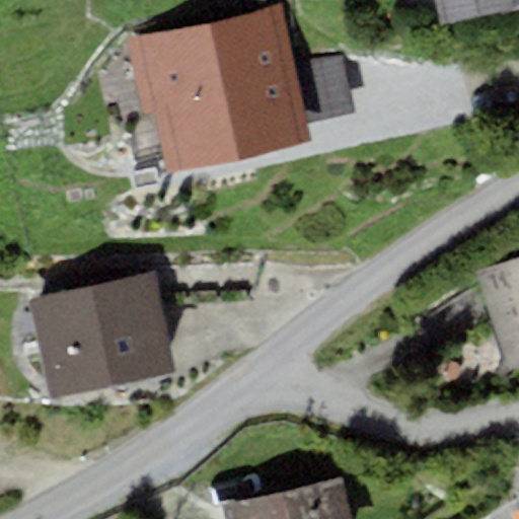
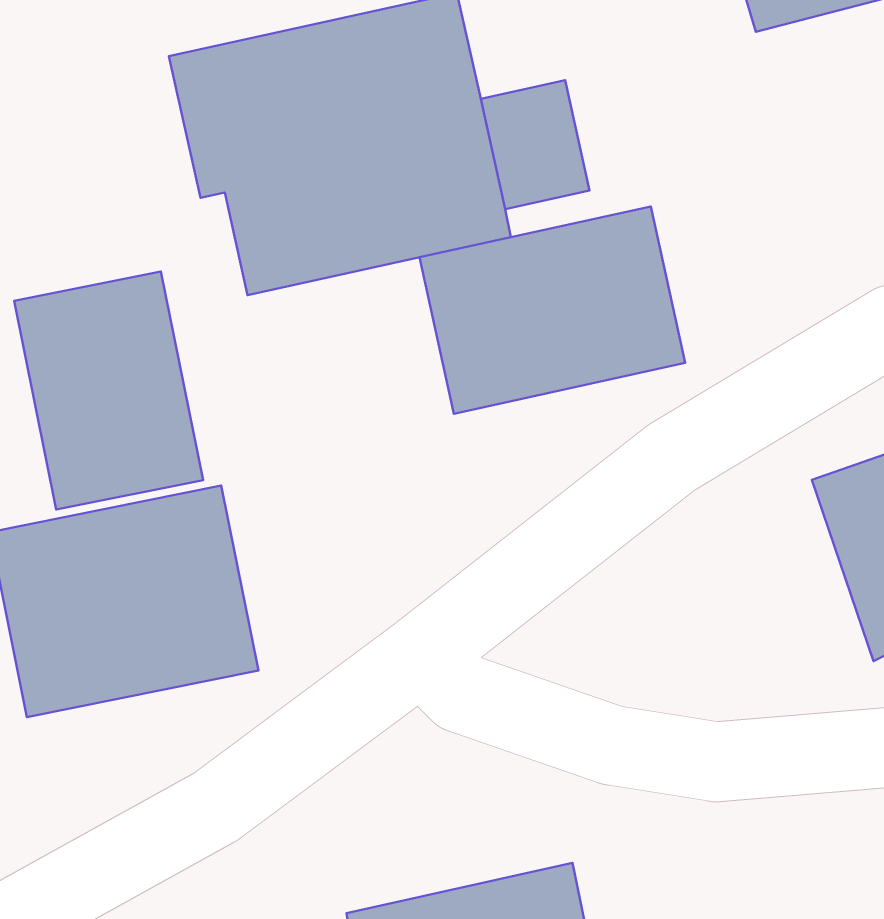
building: none -> [419,206,685,414]
building: none -> [14,271,203,510]

